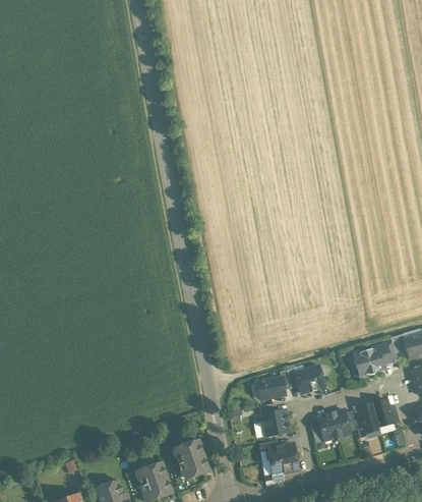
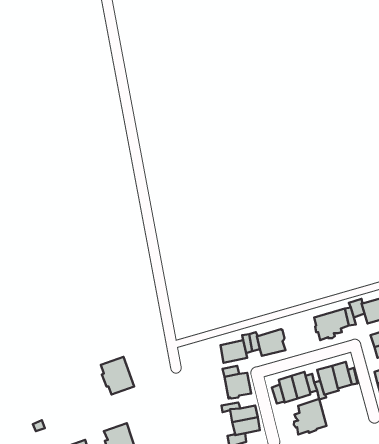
building: none -> [294,399,327,434]
building: [174,440,208,479] -> [101,357,134,394]

